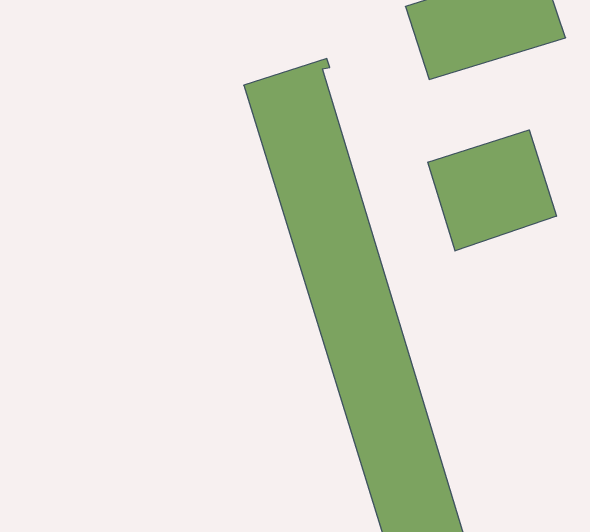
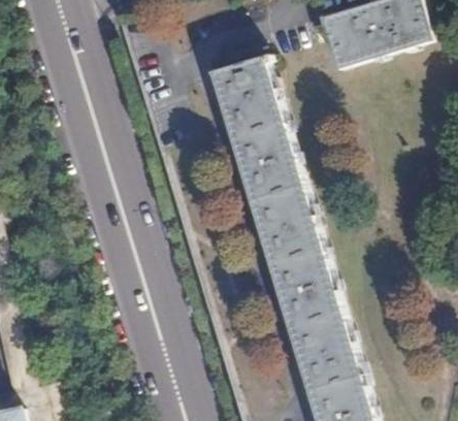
building: [428,130,556,251] -> none

